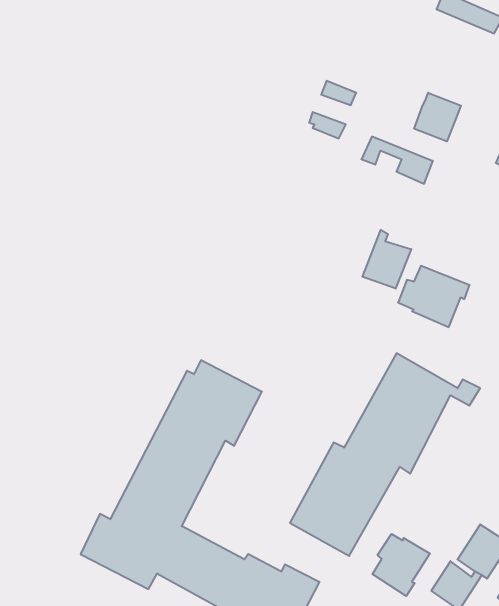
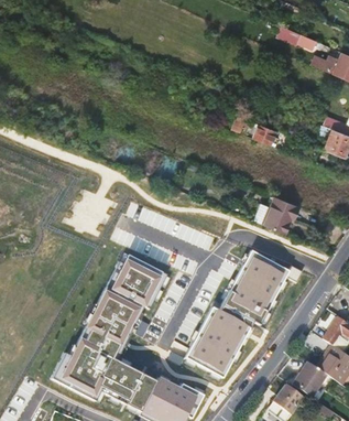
building: [414,93,461,141] -> none
building: [362,230,411,289] -> none
building: [372,534,430,596] -> none

